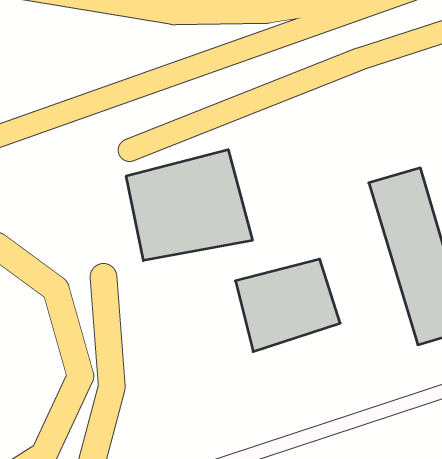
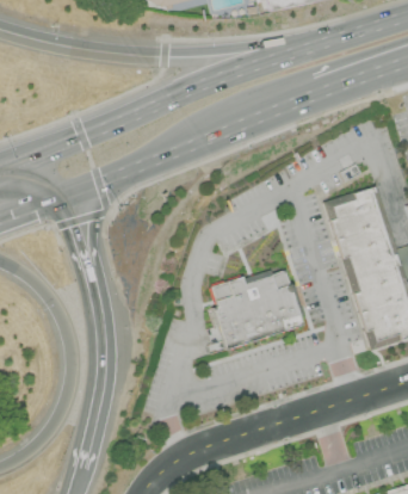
building: [126,150,252,261] -> none

